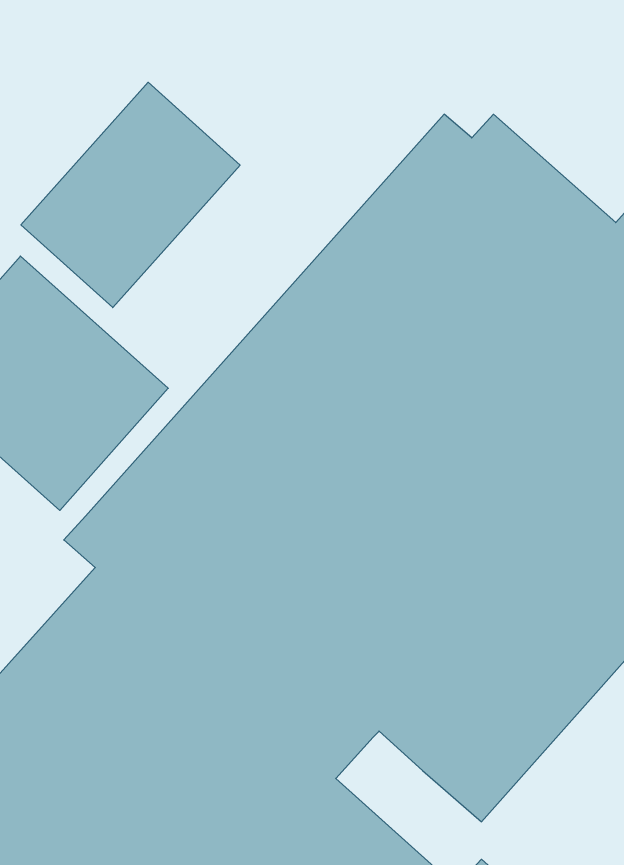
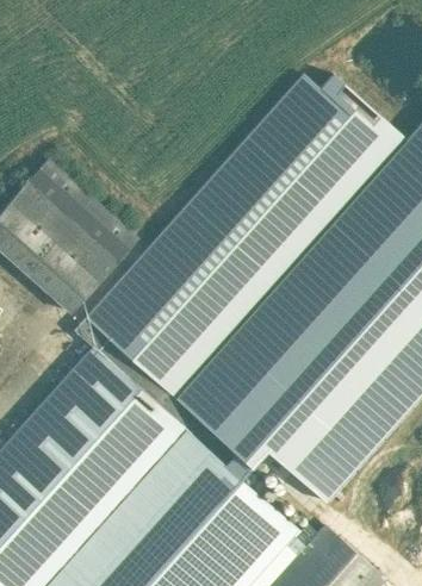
building: [21,82,240,308] -> none

